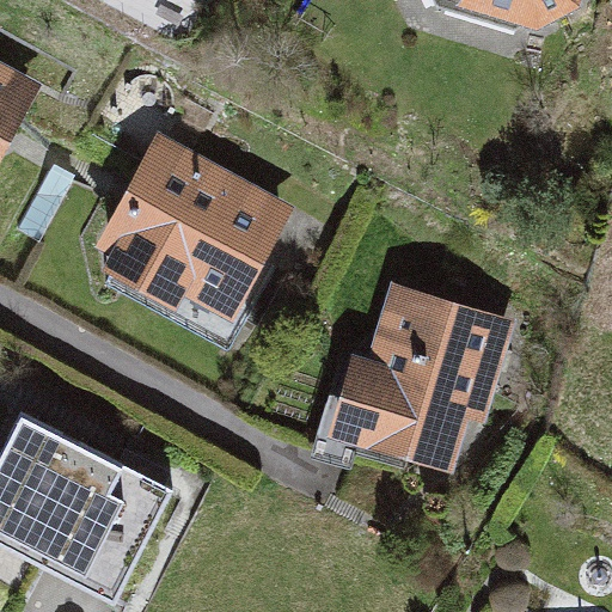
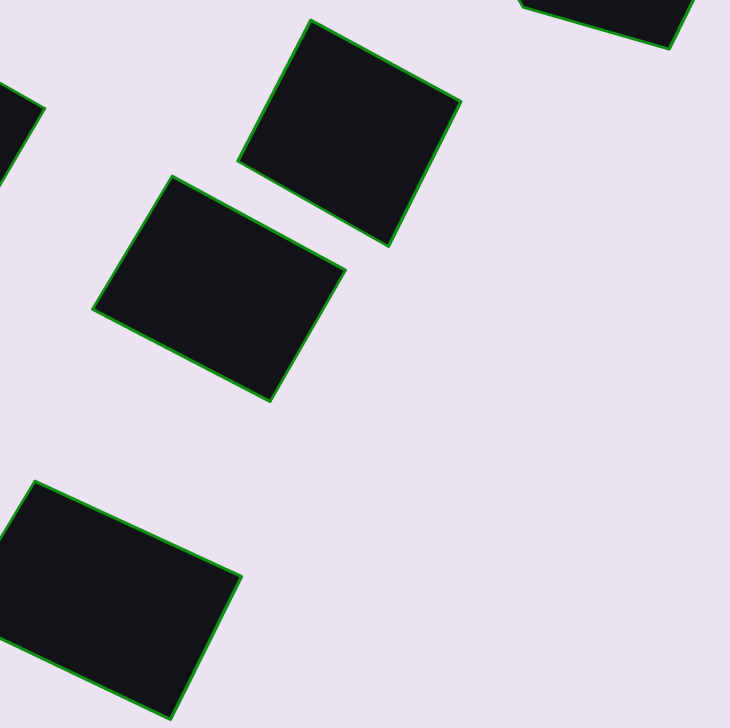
building: none -> [238,20,461,247]
building: [331,282,514,488] -> none

